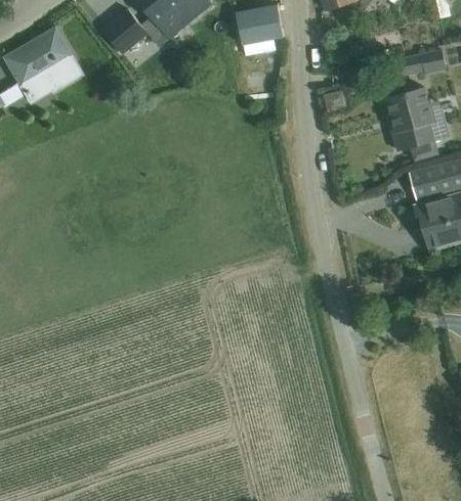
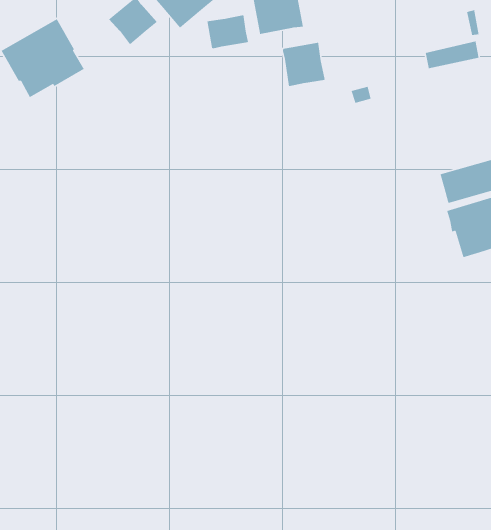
building: none -> [207,14,249,49]
building: none -> [282,42,326,87]
building: [386,85,448,160] -> none

